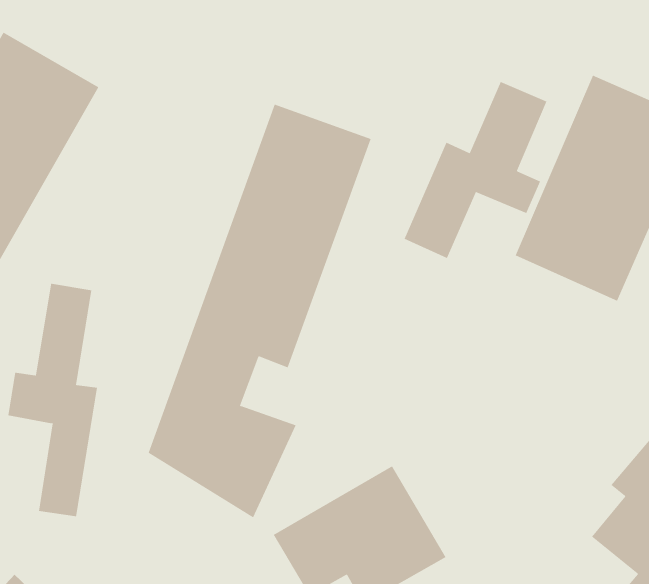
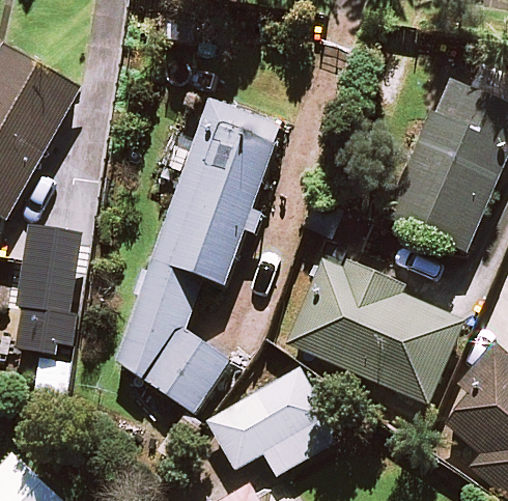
building: [404,81,547,259] -> none
building: none -> [286,254,465,403]

